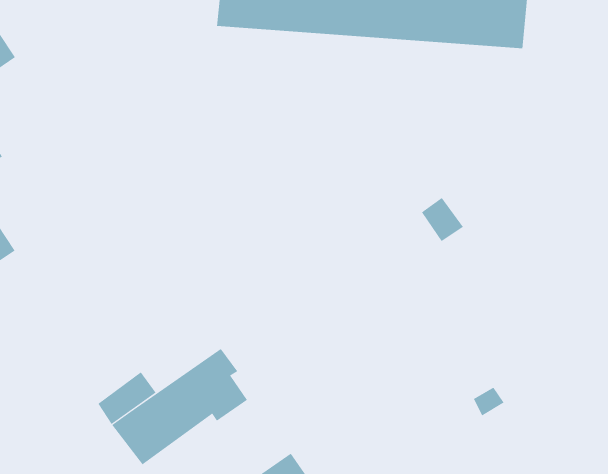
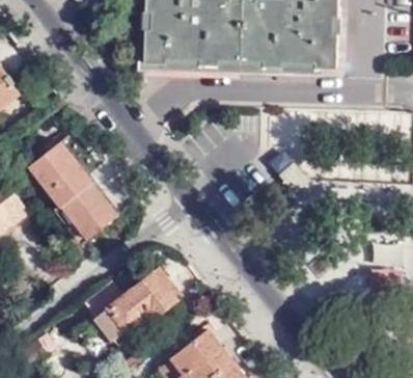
building: none -> [27,141,117,241]

